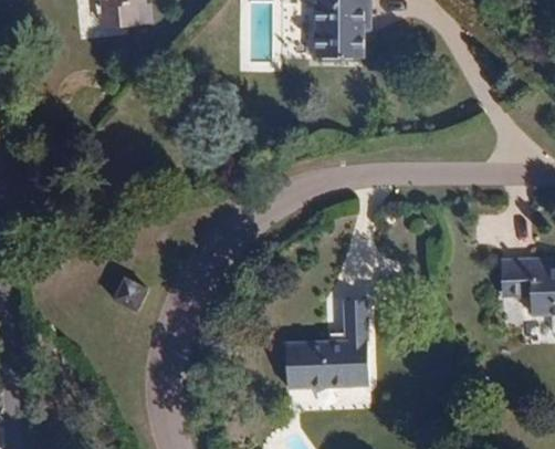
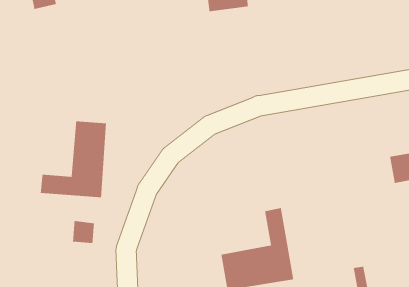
building: none -> [40,121,107,198]

